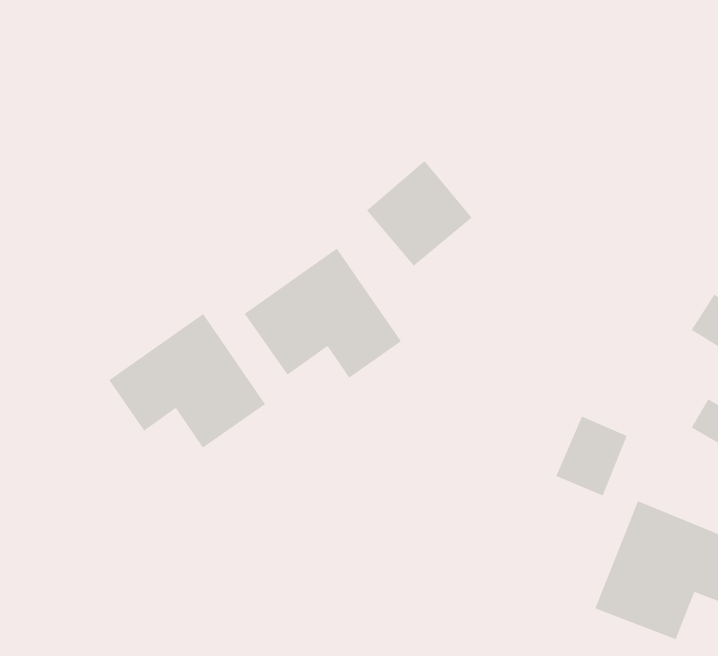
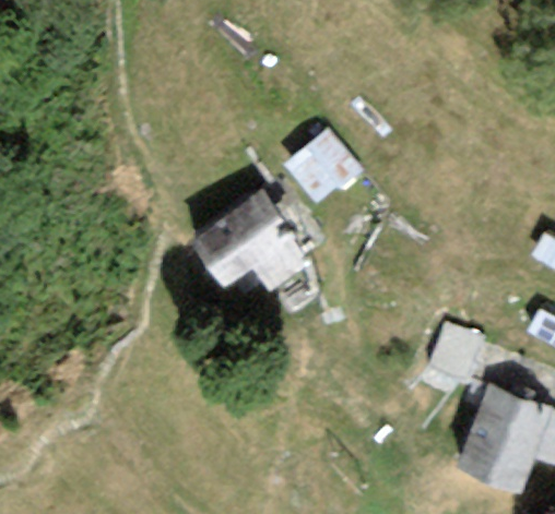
building: [108,313,266,448] -> none

